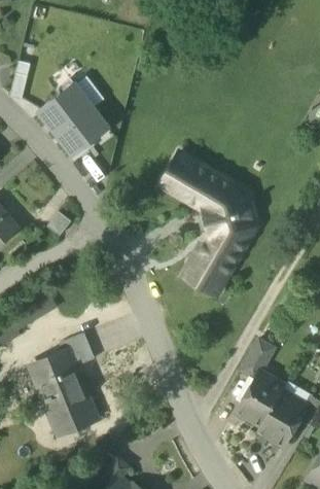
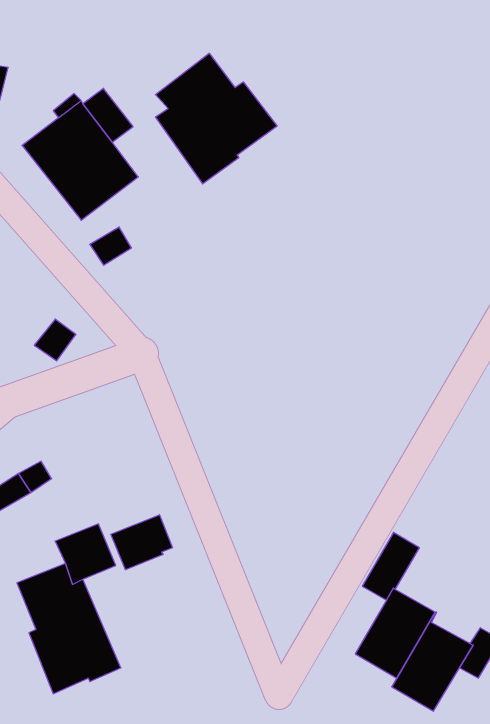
building: none -> [155,53,277,184]
building: [159,154,254,296] -> none
building: none -> [111,515,173,570]

